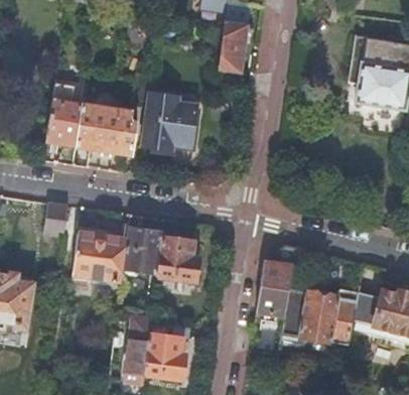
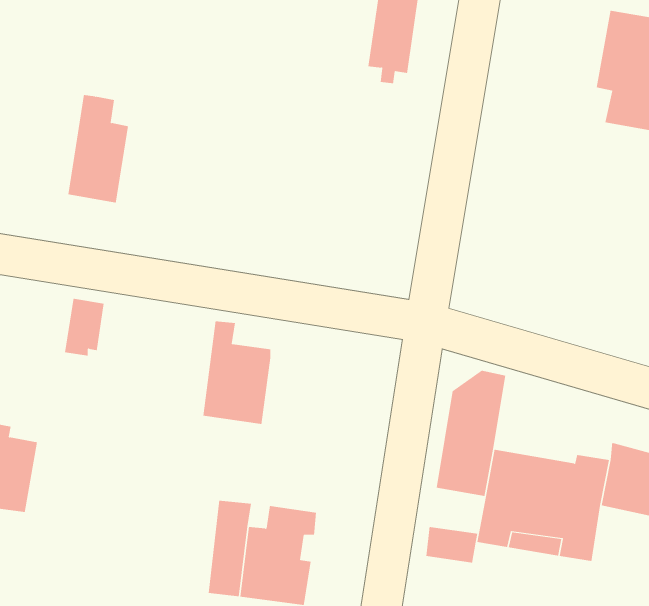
building: [147,95,196,149] -> none
building: [73,104,138,169] -> none
building: [73,229,123,280] -> none
building: [157,237,199,282] -> none

